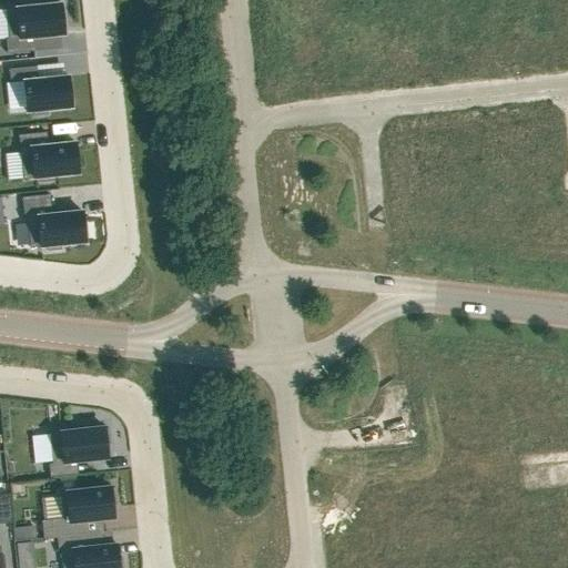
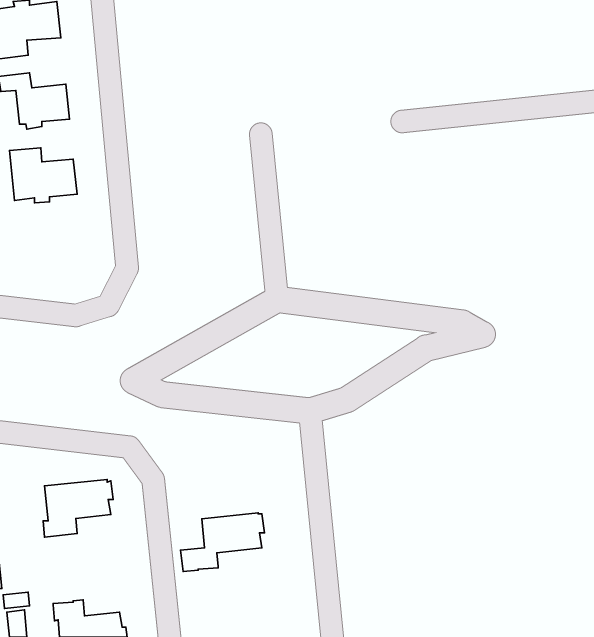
building: [22,194,85,250] -> none
building: [42,486,116,538] -> [181,513,264,572]

